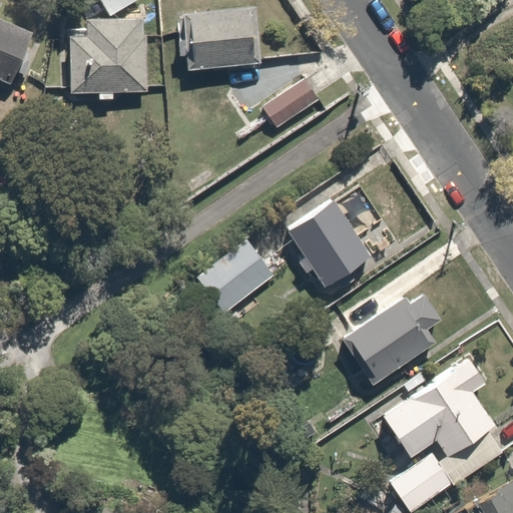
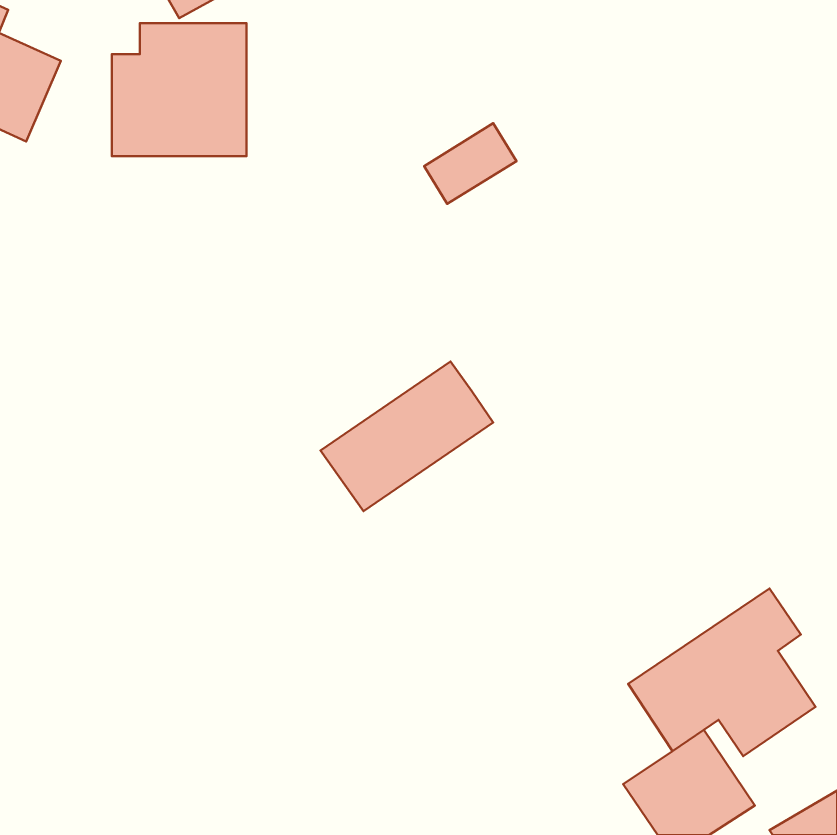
building: [178,5,262,75] -> none
building: [288,206,369,290] -> none
building: [341,290,441,385] -> none

